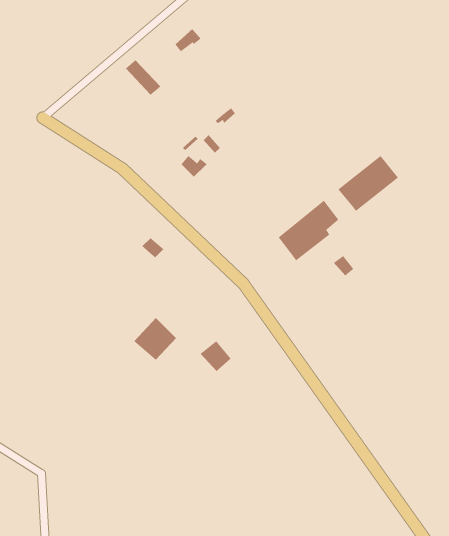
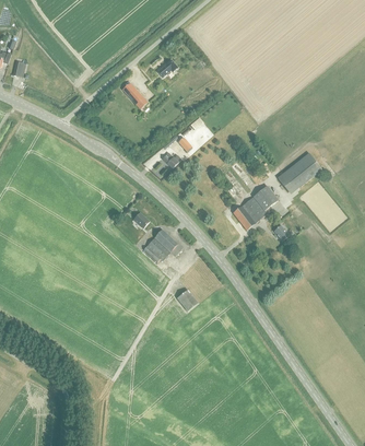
building: [133,317,177,361] -> [145,228,177,260]

